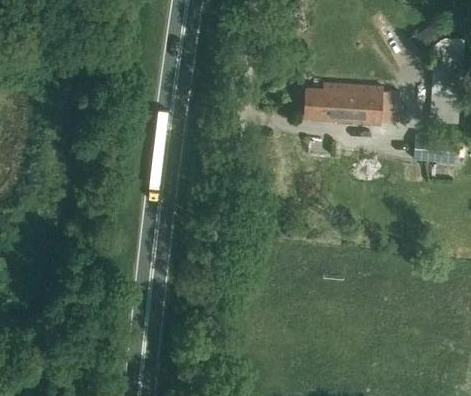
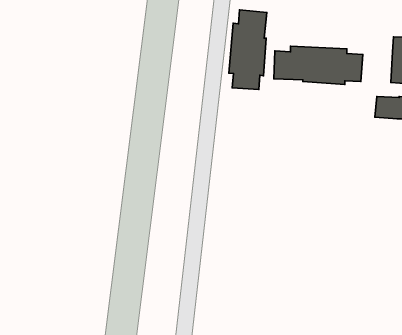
building: none -> [229,10,267,89]

